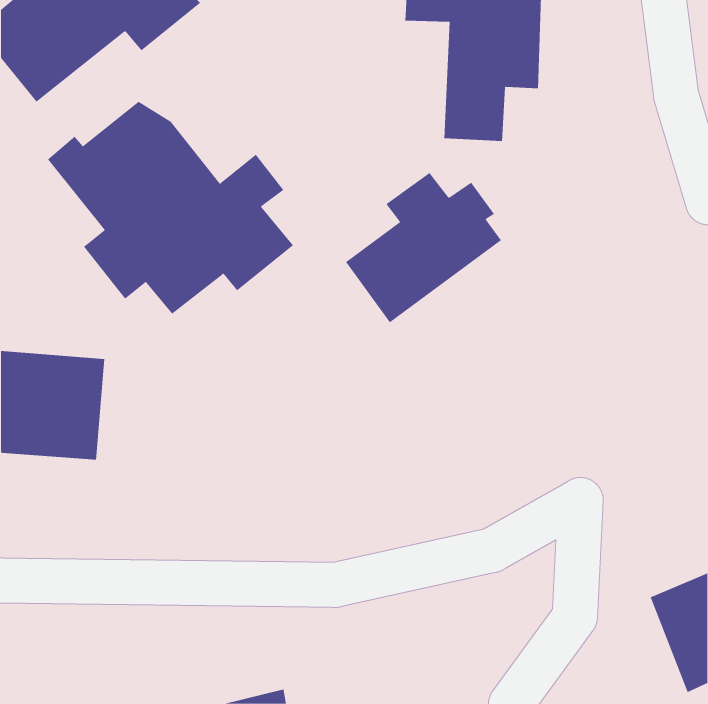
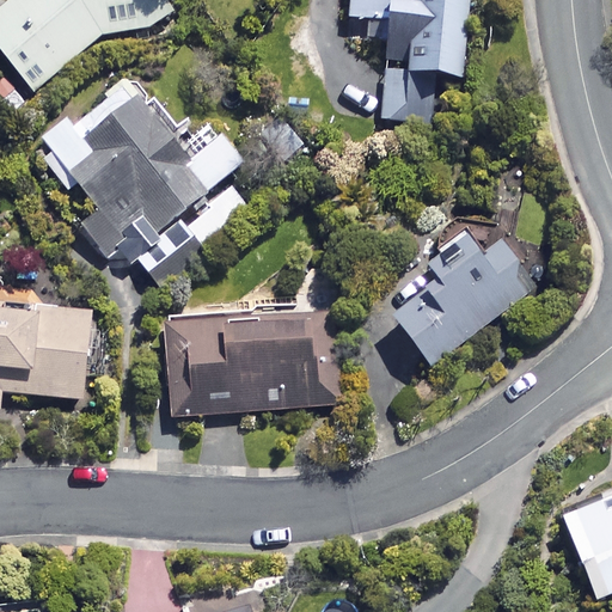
building: [345,172,502,323] -> [388,234,524,365]
building: none -> [161,304,339,420]

